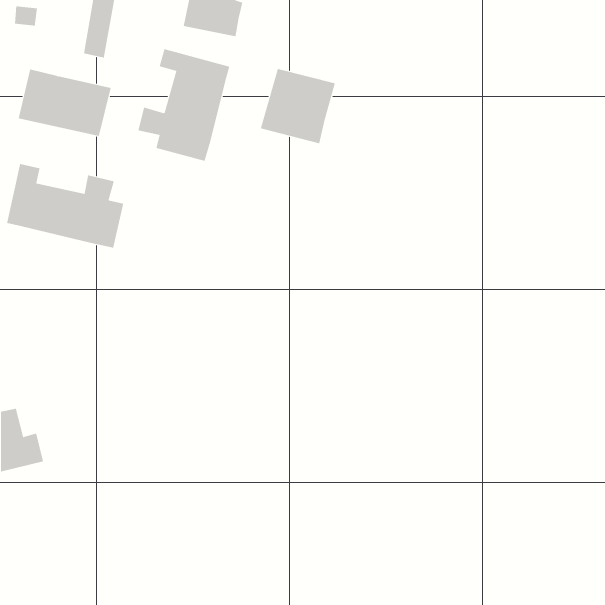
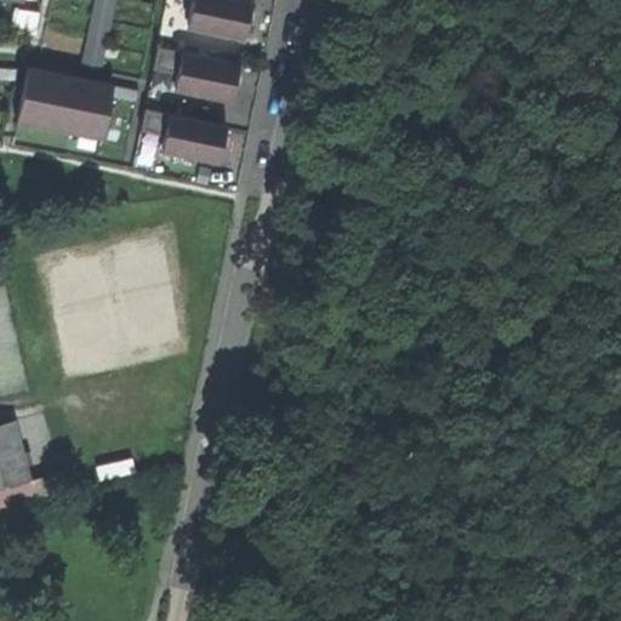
building: [260,68,336,144] -> none
building: [6,163,124,248] -> none

